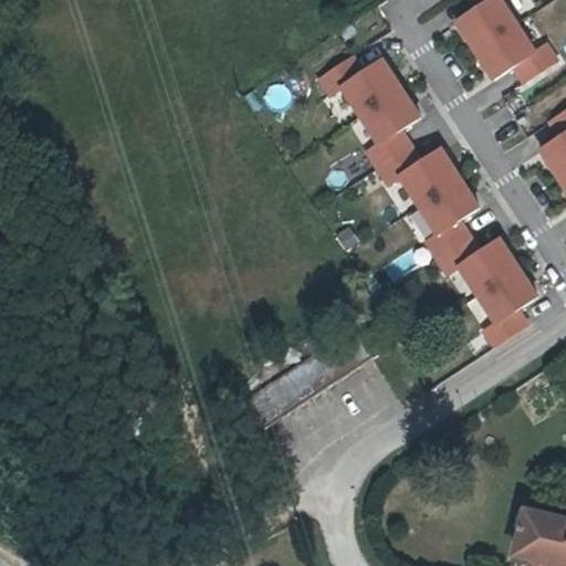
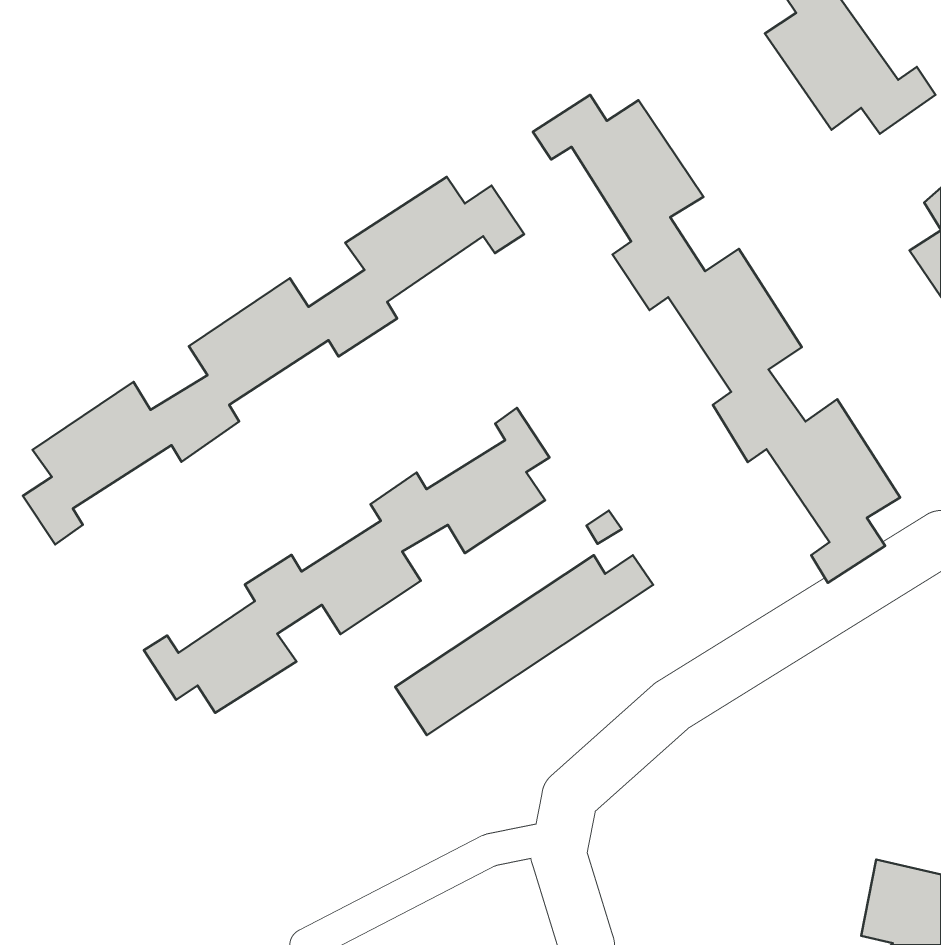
building: none -> [23,177,524,544]
building: none -> [144,408,549,713]

